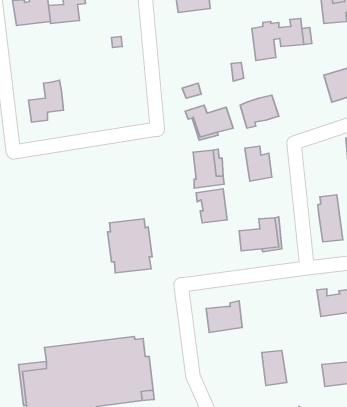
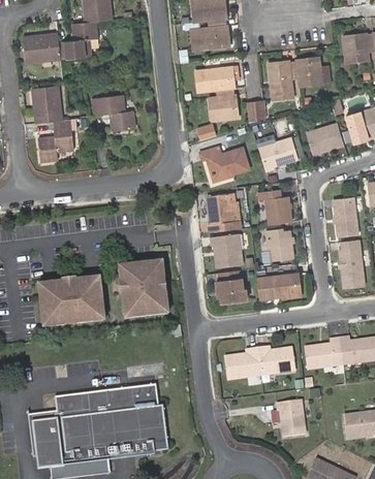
building: none -> [195,65,239,121]
building: none -> [32,88,62,126]
building: none -> [94,96,136,132]
building: none -> [305,123,342,156]
building: none -> [333,196,357,236]
building: none -> [264,229,292,261]
building: none -> [218,269,248,302]
building: none -> [39,283,103,329]
building: none -> [302,338,341,371]
building: none -> [256,348,292,377]

